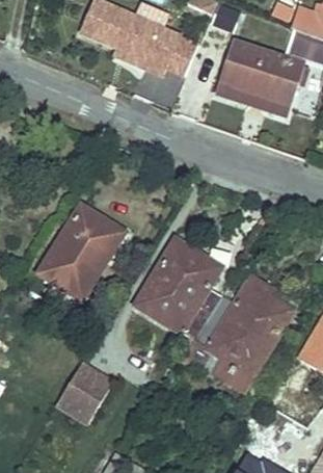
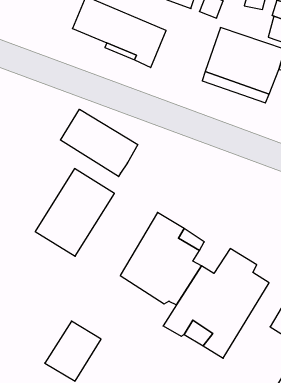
building: none -> [60,109,138,177]

